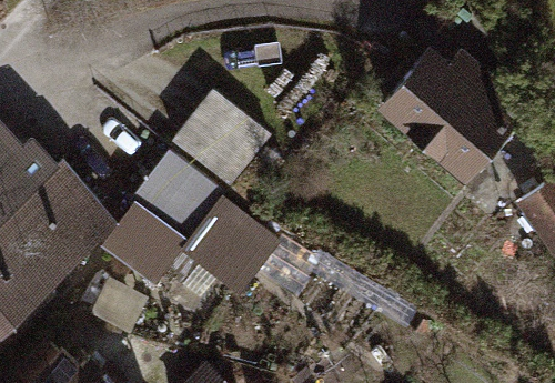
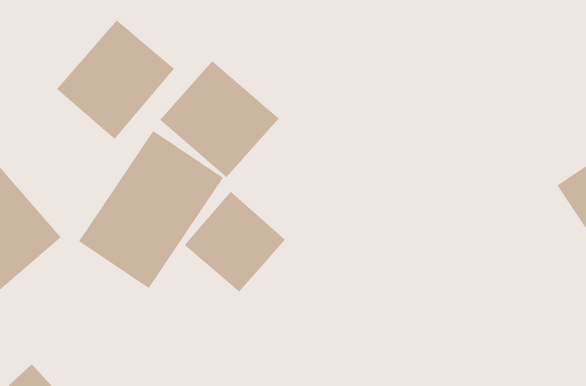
building: [375,51,516,188] -> none
building: none -> [56,19,175,140]

